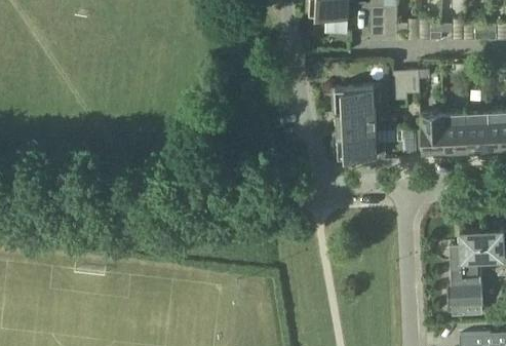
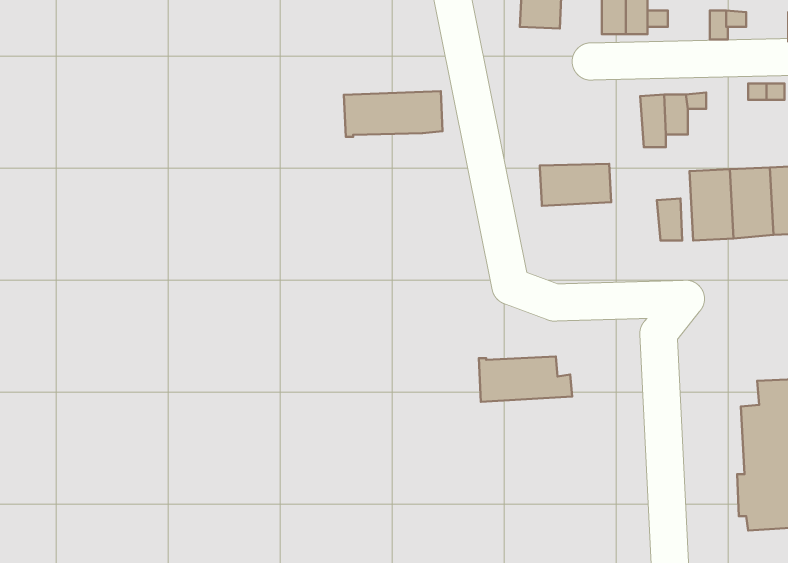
building: [332,86,387,112] -> [344,91,443,137]
building: [334,131,386,157] -> [479,356,572,402]

